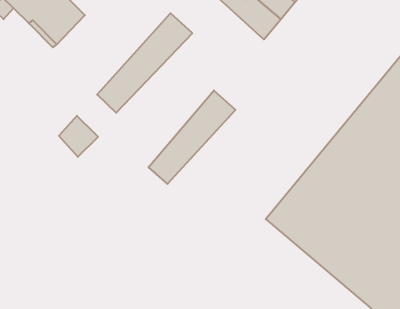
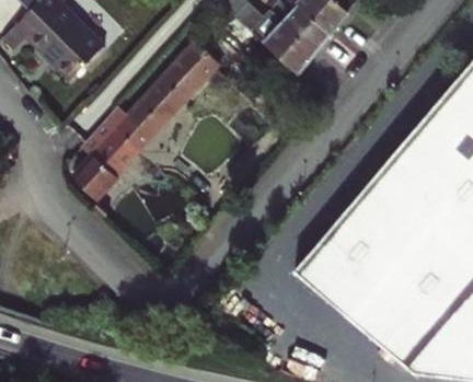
building: [148,90,235,184] -> none
building: none -> [93,132,136,176]

